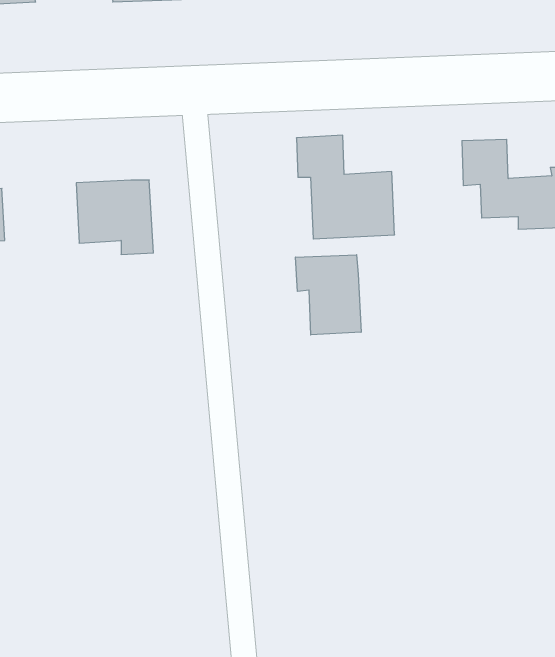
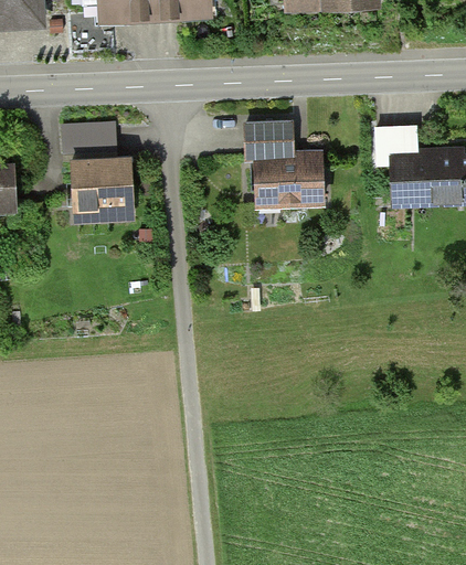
building: none -> [62,121,115,161]
building: [296,255,361,335] -> none

